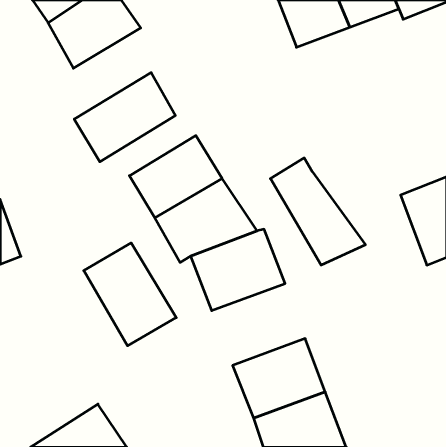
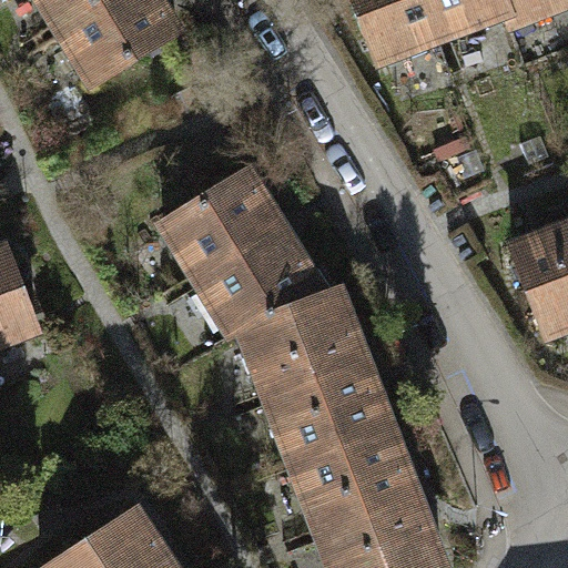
building: [74,73,175,162] -> none
building: [270,158,365,265] -> none
building: [84,243,176,346] -> none
building: none -> [270,359,388,464]

